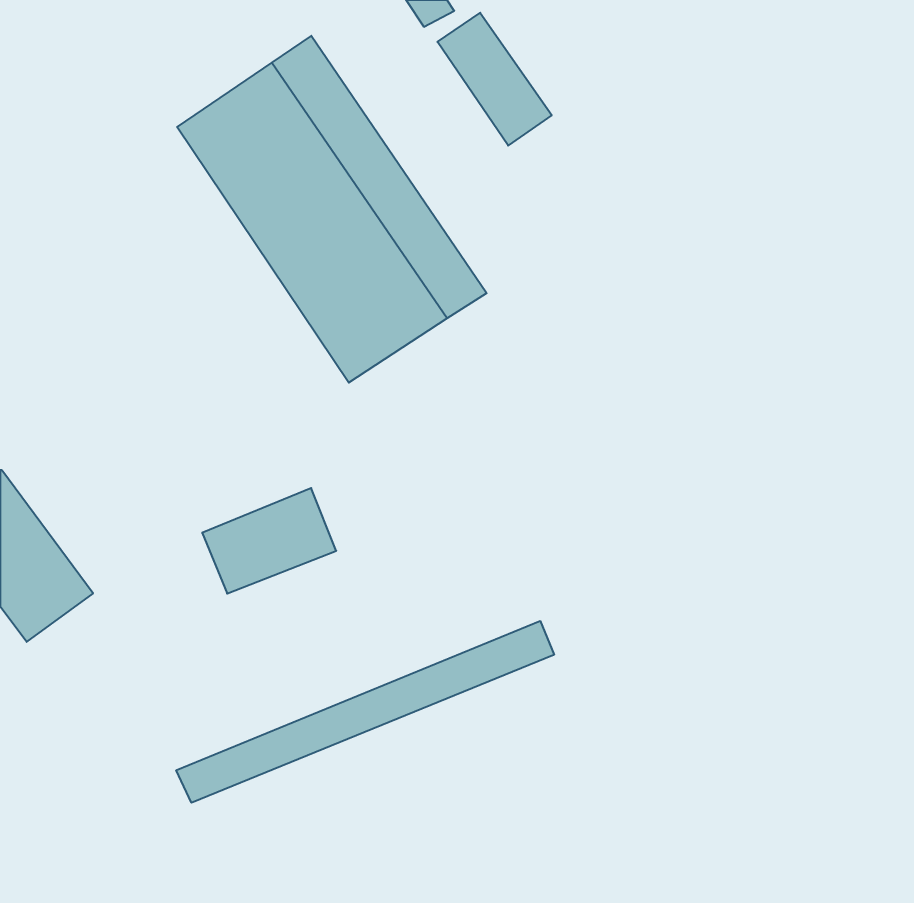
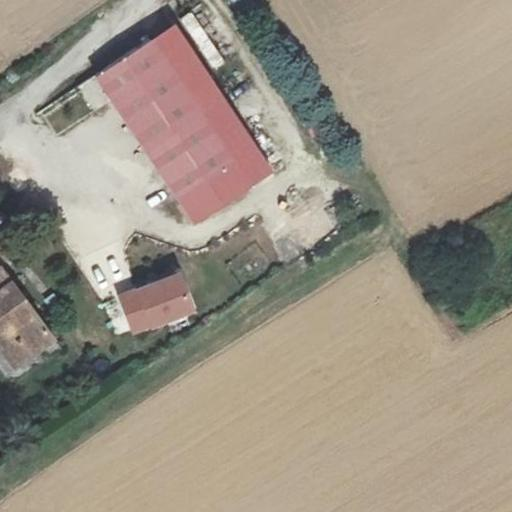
building: [437,13,552,146] -> none
building: [176,621,554,803] -> none

